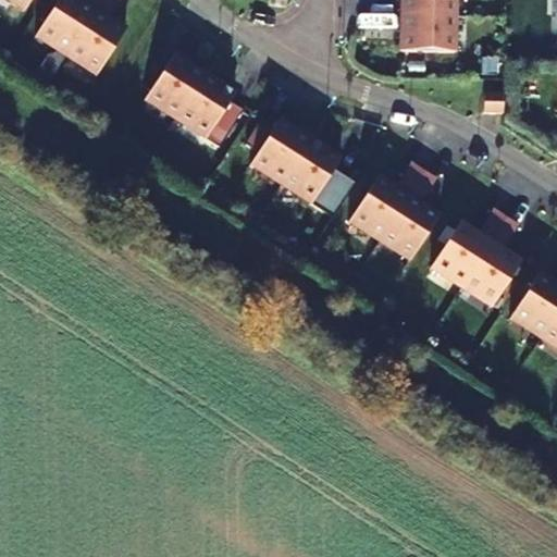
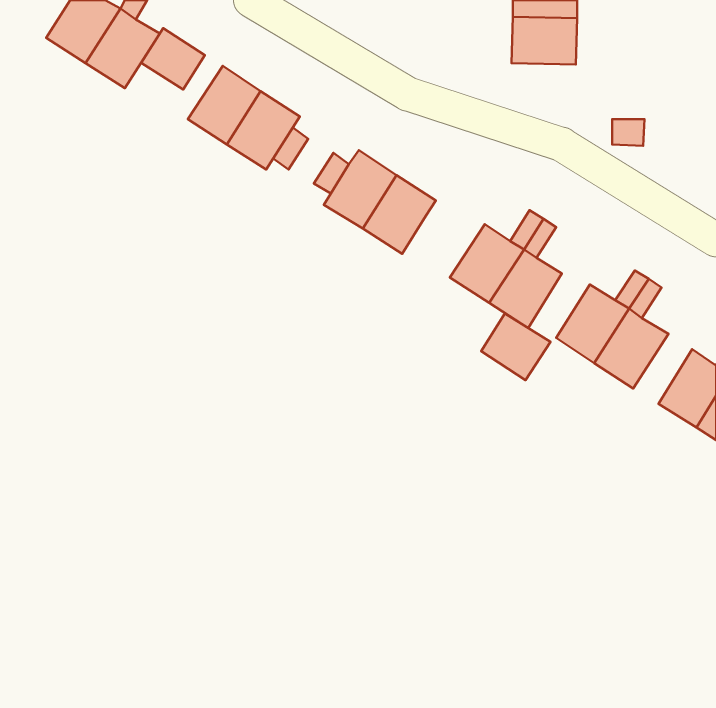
building: none -> [141,28,205,90]
building: [312,174,352,218] -> none
building: none -> [481,313,550,380]

